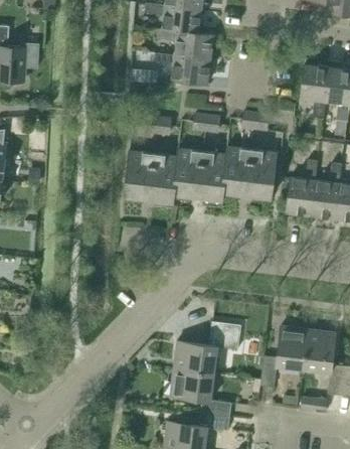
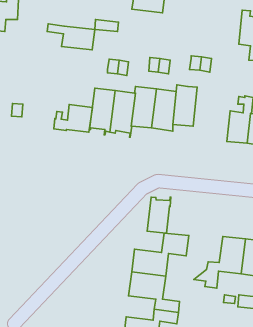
building: [154,53,210,85] -> [47,24,95,50]
building: [246,149,277,199] -> none
building: none -> [54,105,92,132]
building: none -> [147,197,171,233]

